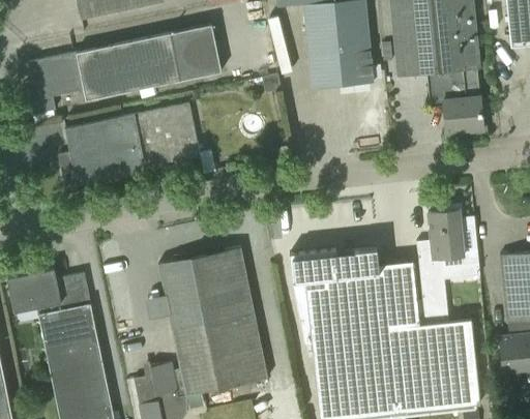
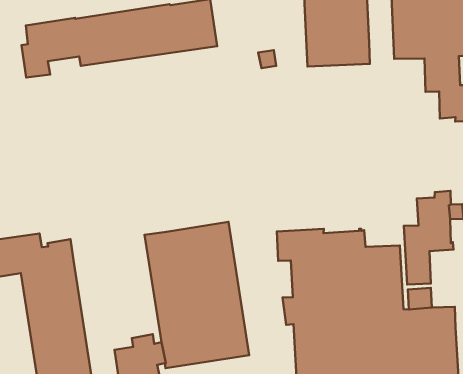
building: [58,103,201,188] -> none

